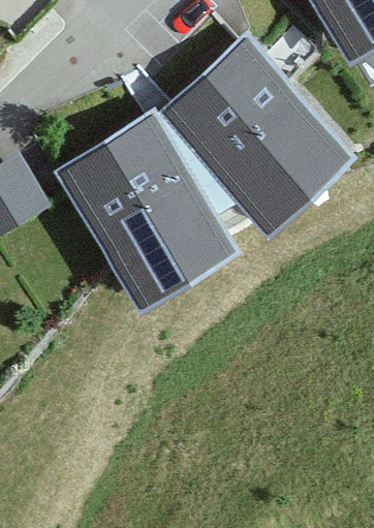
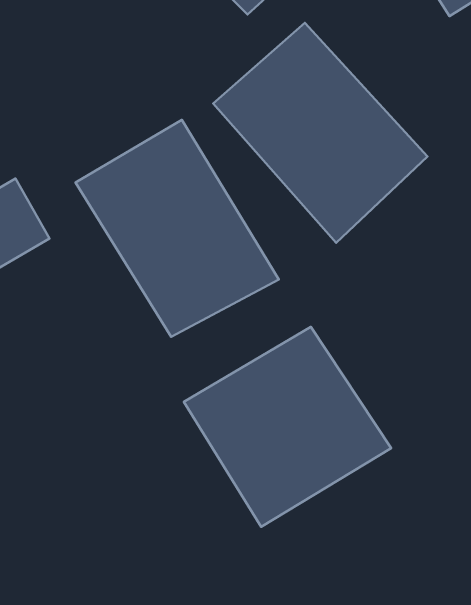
building: none -> [184,327,391,527]

